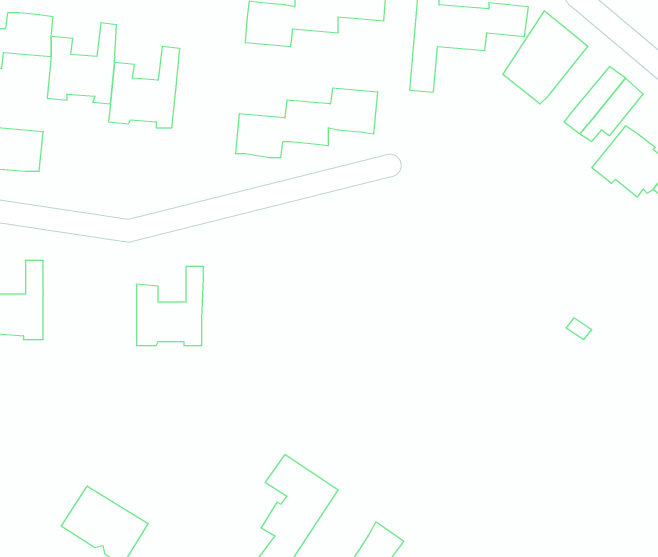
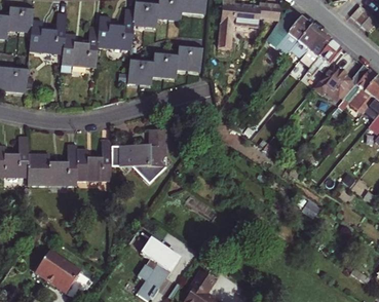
building: none -> [97,8,134,49]
building: none -> [290,25,321,60]
building: none -> [110,128,166,183]
building: none -> [27,143,76,185]

